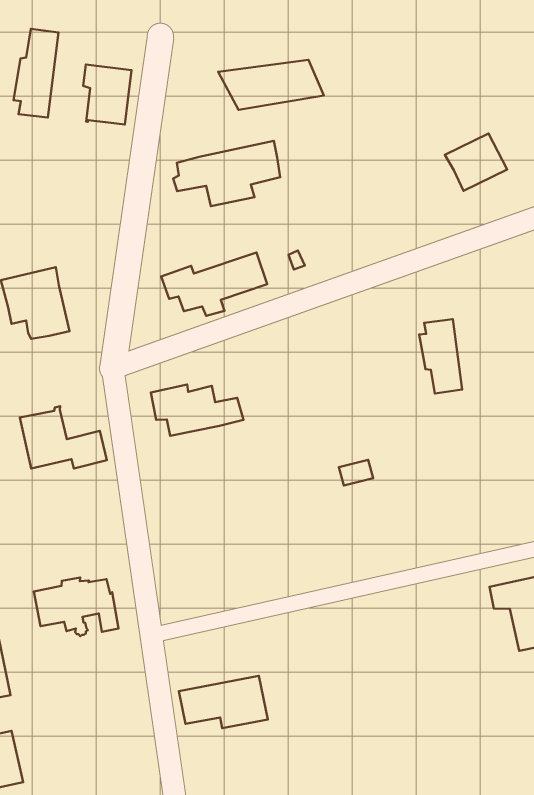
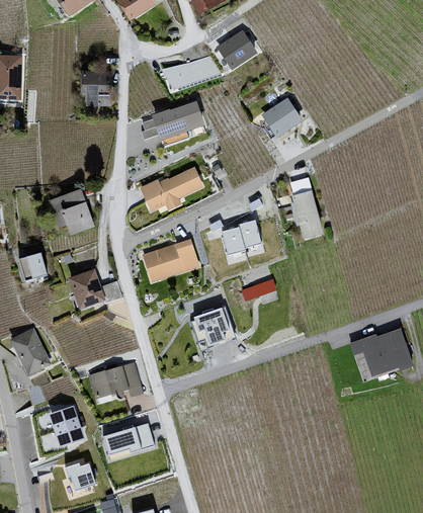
building: none -> [219,32,254,67]
building: [14,29,58,118] -> none
building: [445,133,507,191] -> [263,100,300,135]
building: none -> [222,219,261,254]
building: none -> [189,306,233,347]
building: [179,676,268,728] -> [102,421,155,453]

